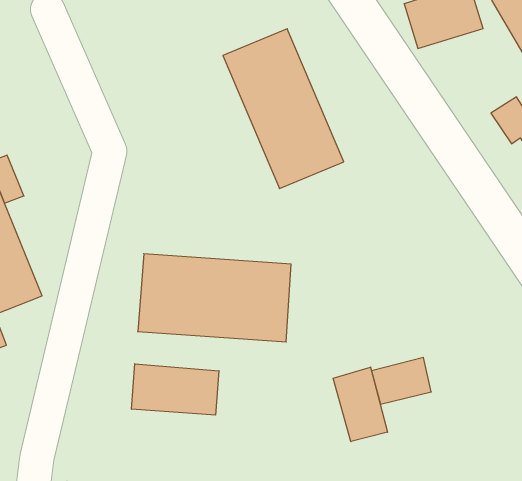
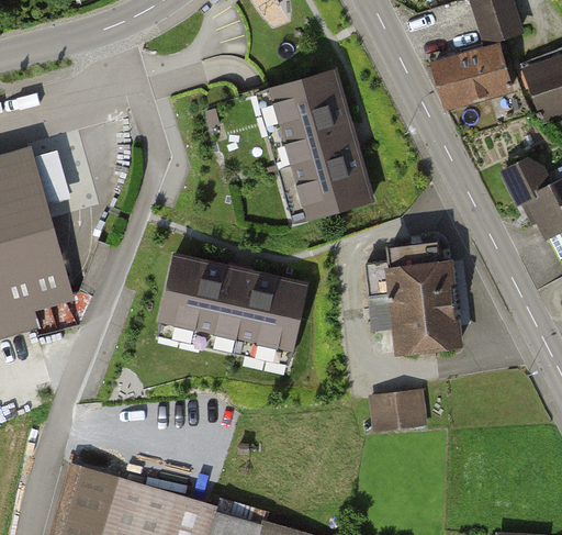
building: none -> [364,242,458,358]
building: [132,364,219,415] -> none
building: [333,367,388,442] -> none

